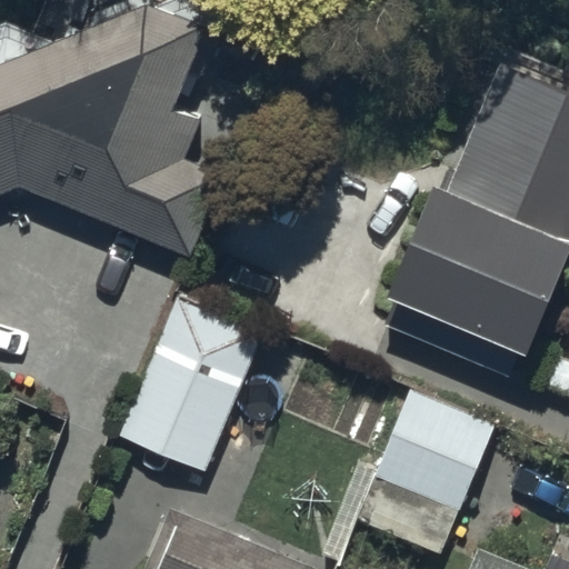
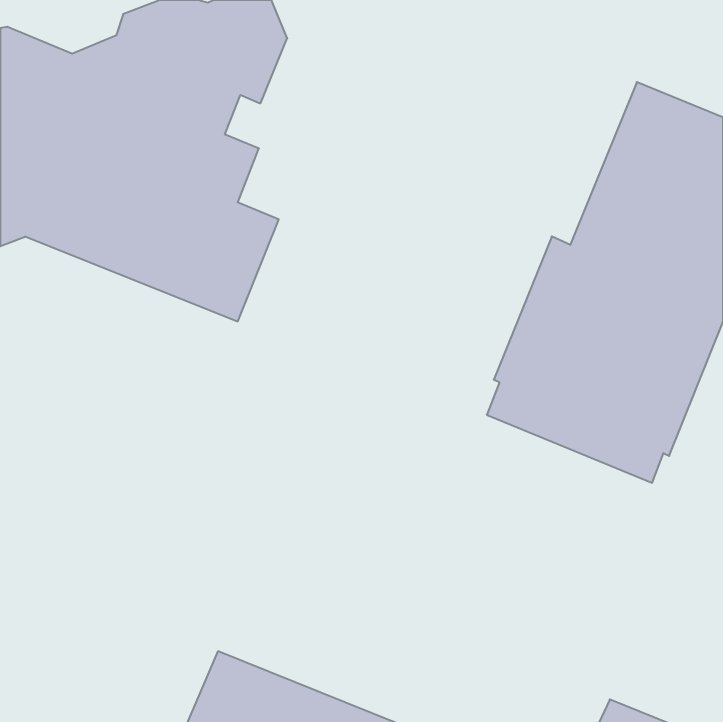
building: [118,292,264,472] -> none
building: [357,391,497,555] -> none

